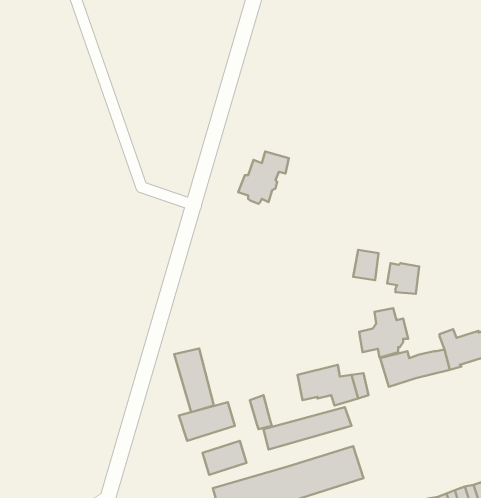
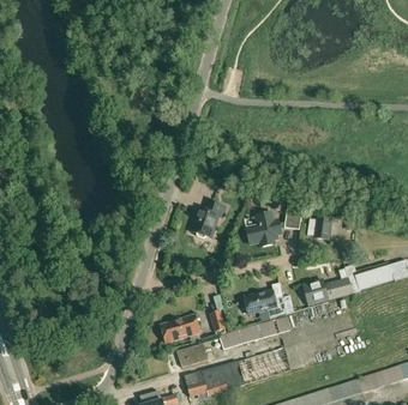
building: [238,151,289,204] -> [188,201,224,238]
building: [359,308,408,357] -> [246,212,281,247]
building: [174,349,214,412] -> none

